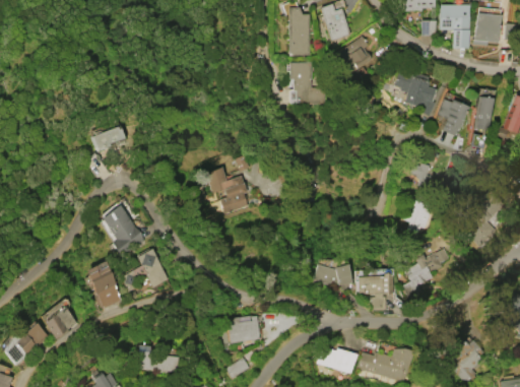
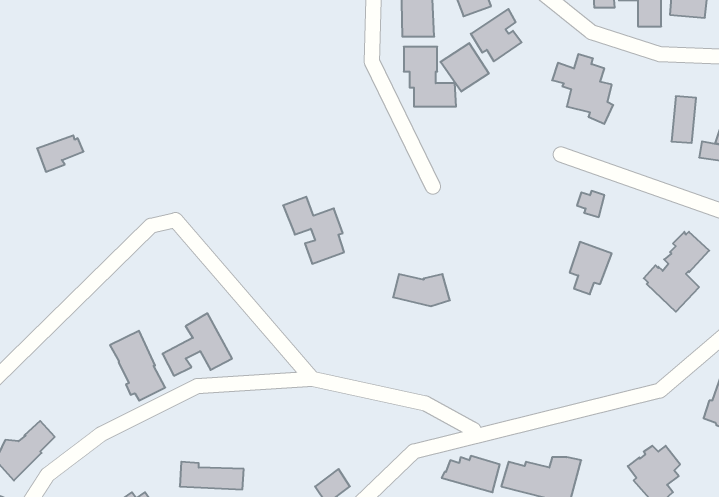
building: none -> [440,43,489,92]
building: [437,99,468,135] -> none
building: [90,126,123,151] -> [37,135,84,172]
building: [101,204,145,255] -> none
building: [403,248,449,298] -> none
building: [314,264,353,286] -> [393,274,450,306]
building: [359,272,395,310] -> none
building: [44,306,77,338] -> none
building: [228,316,261,343] -> none

